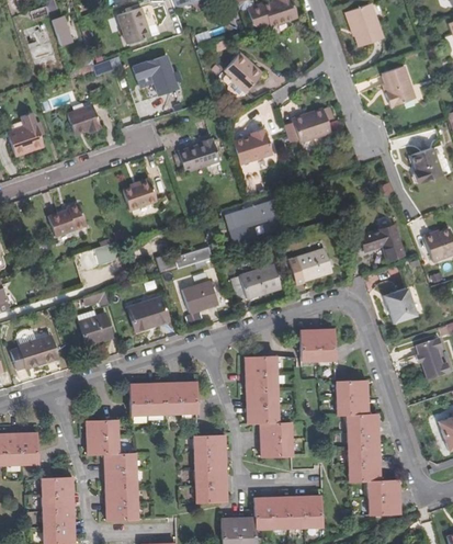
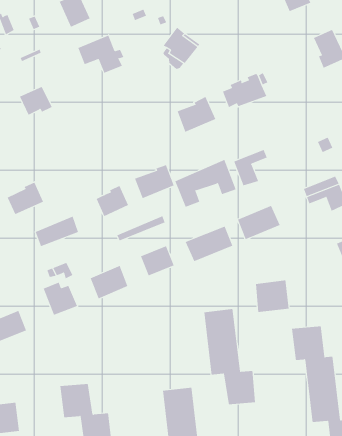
building: [179,138,220,172] -> [134,164,174,199]
building: [123,178,157,209] -> [96,185,129,217]
building: none -> [233,149,267,186]
building: [129,382,196,415] -> none

